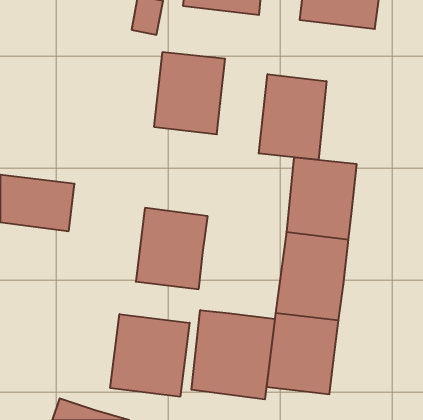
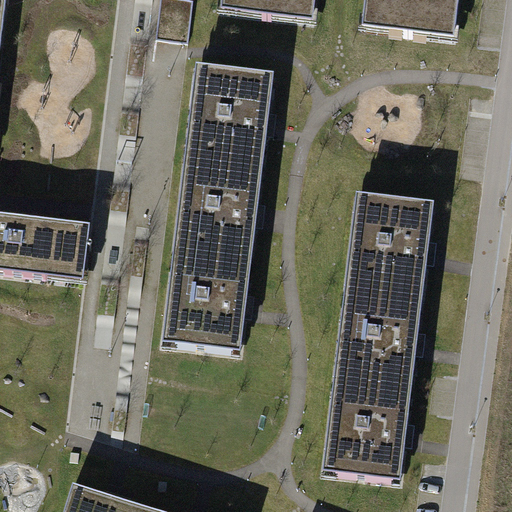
building: [259,74,326,160] -> none
building: none -> [175,153,262,261]
building: [191,310,275,399] -> none
building: [110,314,190,397] -> none

